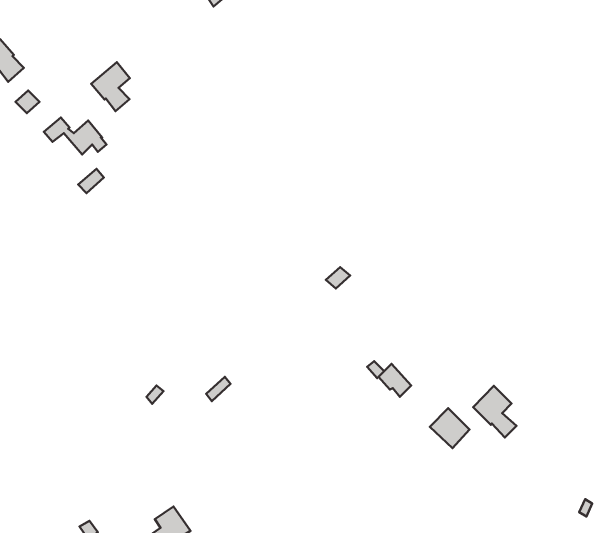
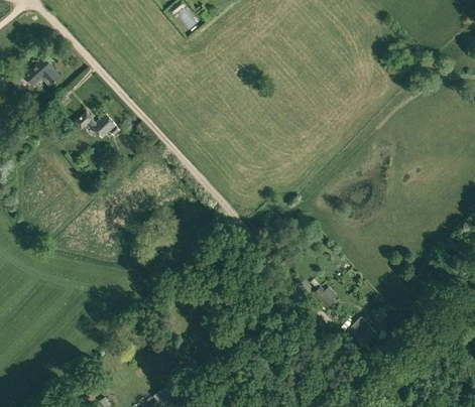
building: [91,62,130,111] -> none
building: [473,386,516,437] -> none

